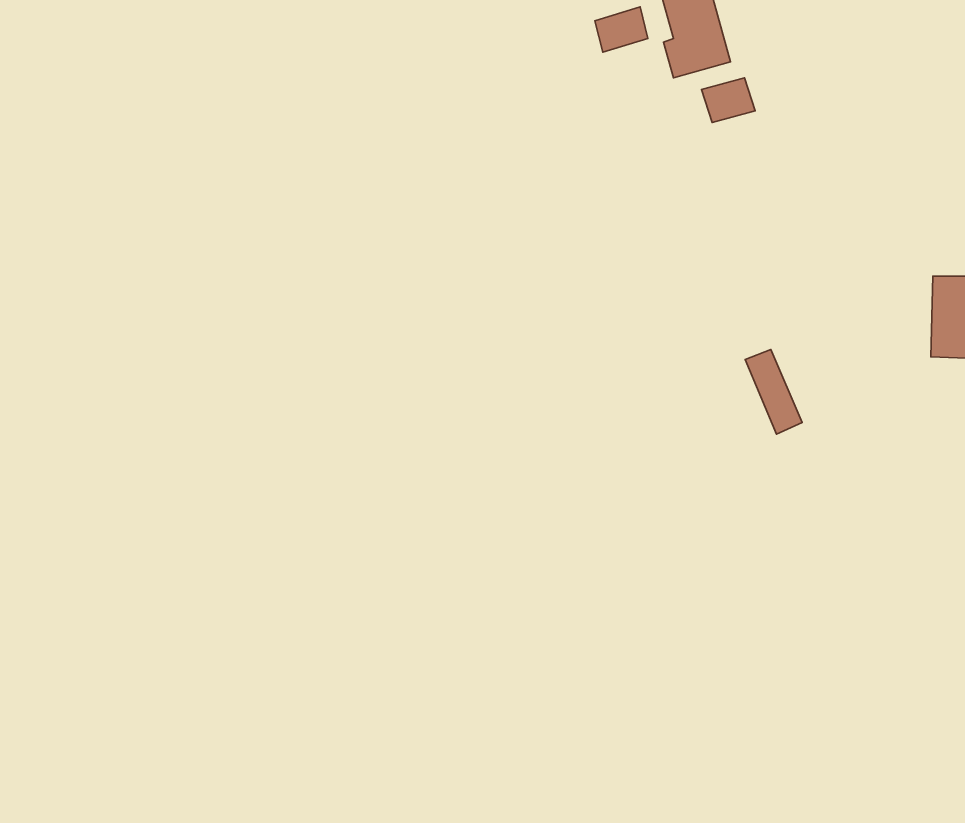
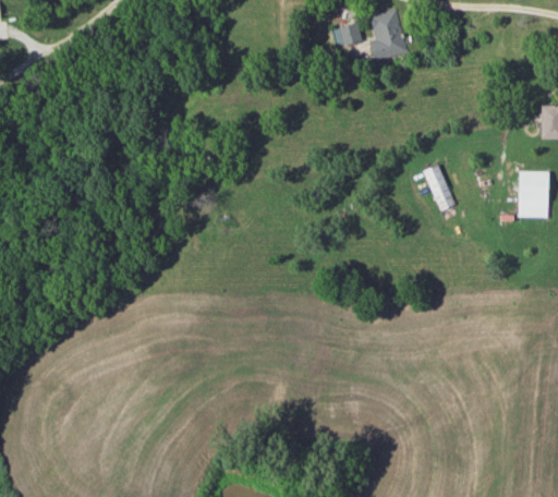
building: [702,78,755,123] -> none
building: [745,350,802,434] -> [424,165,456,211]

